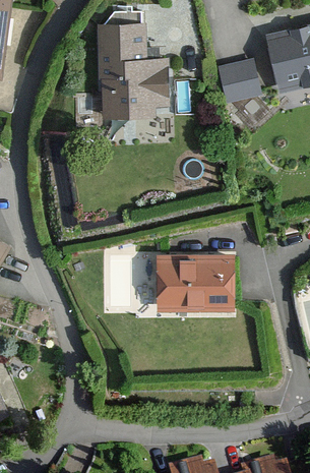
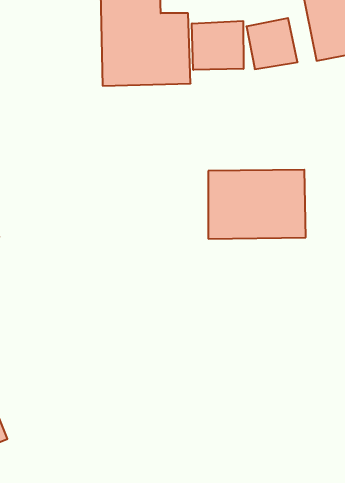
building: none -> [192,21,243,70]
building: [148,254,232,313] -> [208,170,306,239]

